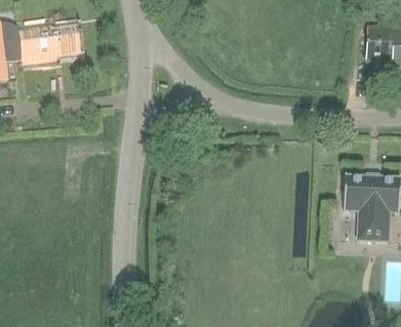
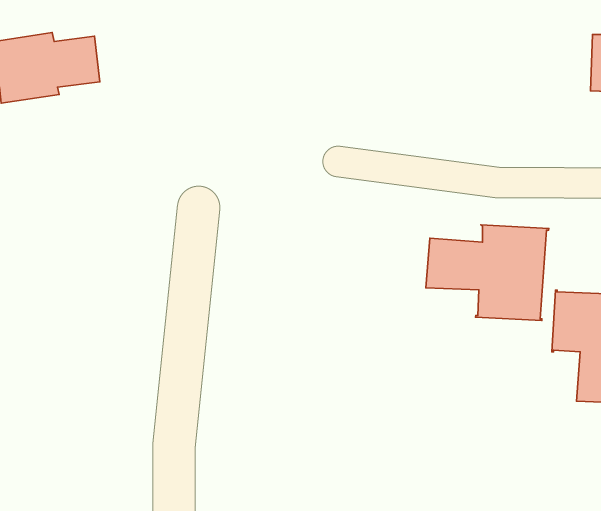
building: none -> [426,225,549,321]

